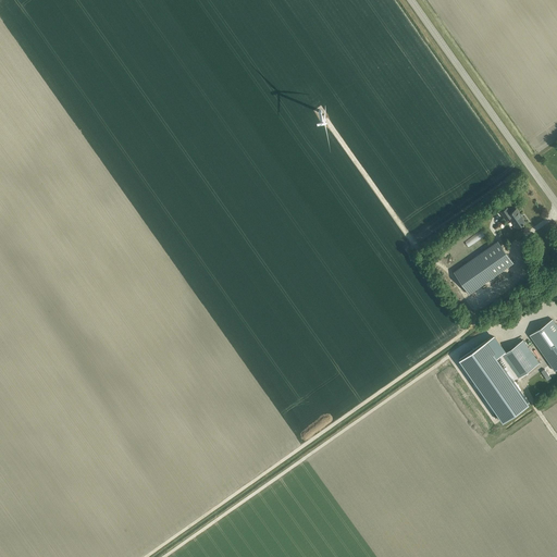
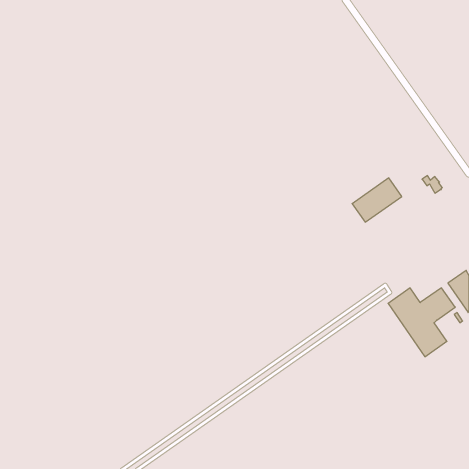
building: [453,243,511,295] -> [352,178,402,222]

